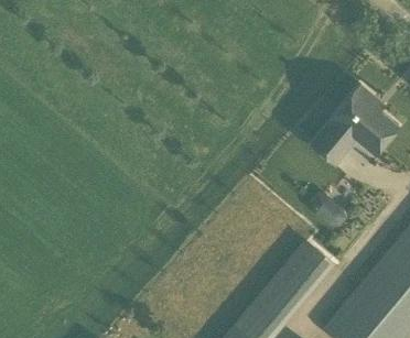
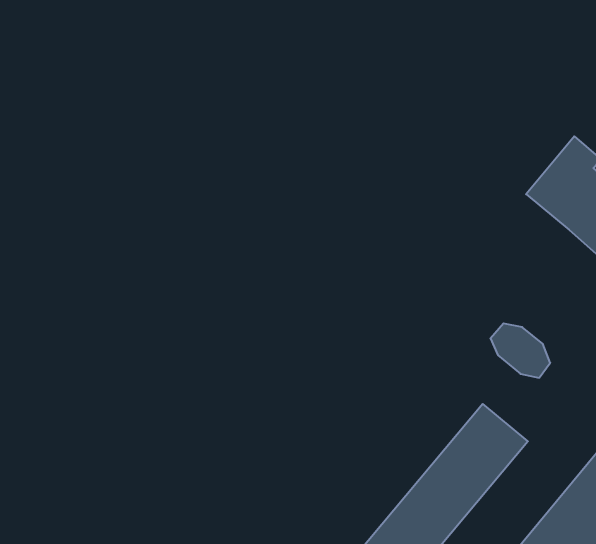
building: [311,131,347,165] -> none

